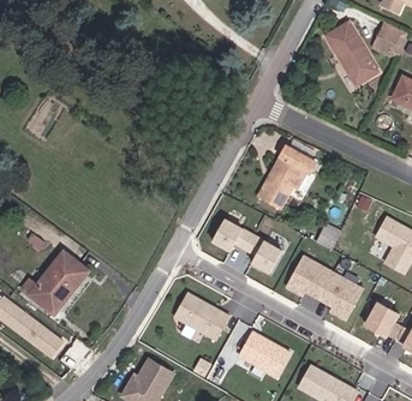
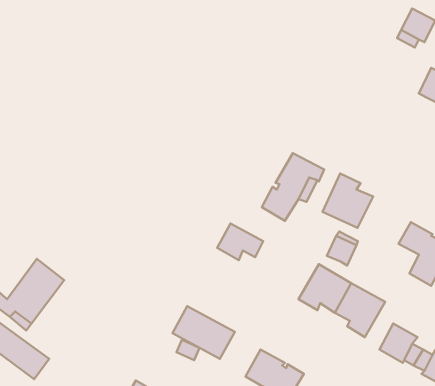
building: [330,24,380,85] -> none
building: none -> [322,174,373,228]
building: [250,233,286,271] -> none

